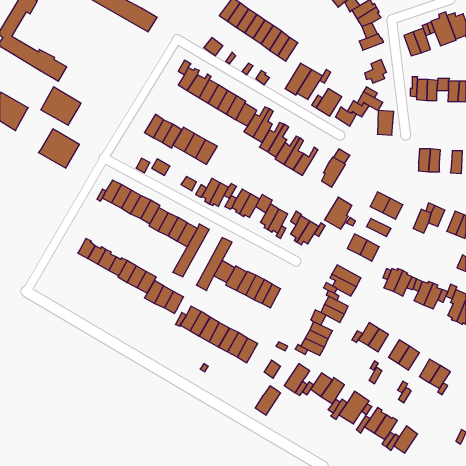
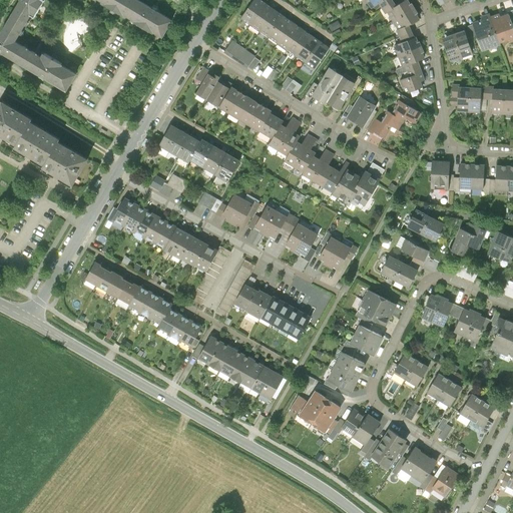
building: none -> [394,46,423,74]
building: [41,87,81,125] -> [15,121,59,163]
building: [377,111,394,135] -> [431,161,449,188]
building: [324,197,352,229] -> [331,169,361,204]
building: [255,386,281,415] -> [300,391,328,423]

